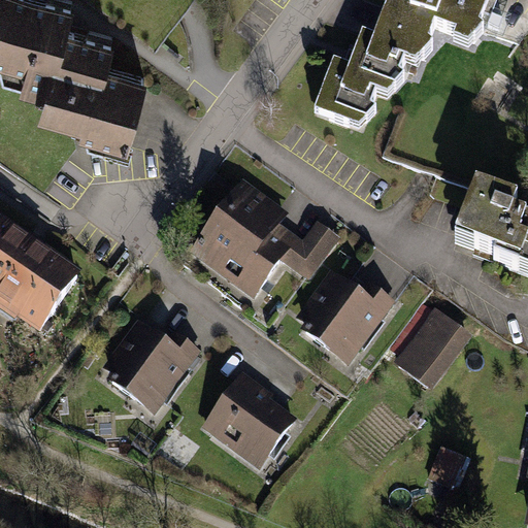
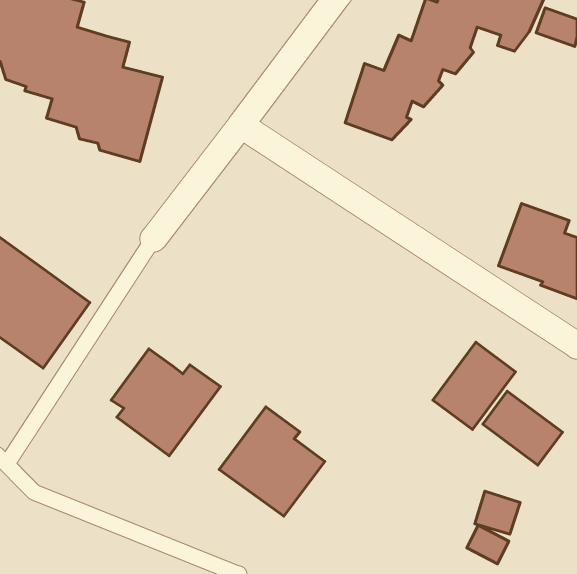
building: [190,178,338,296] -> none
building: [295,270,394,366] -> none
building: none -> [483,391,563,465]

